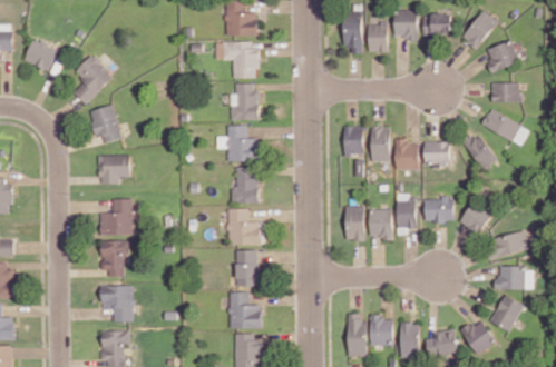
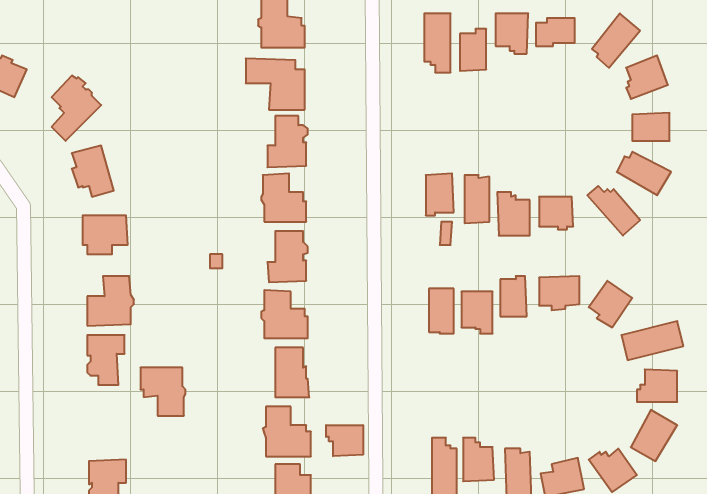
building: [103,287,135,321] -> [140,368,185,416]
building: none -> [326,425,363,456]

